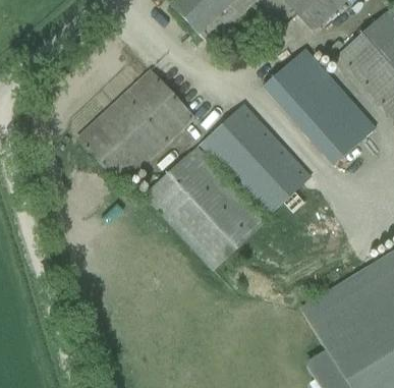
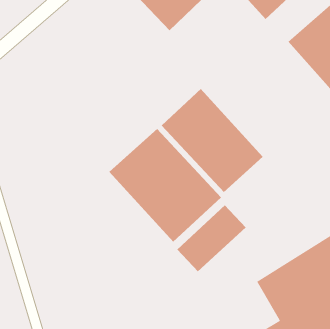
building: [263,47,376,165] -> none
building: [77,70,193,184] -> none
building: none -> [176,205,247,272]

